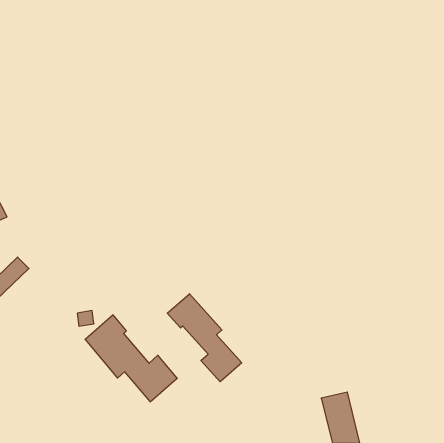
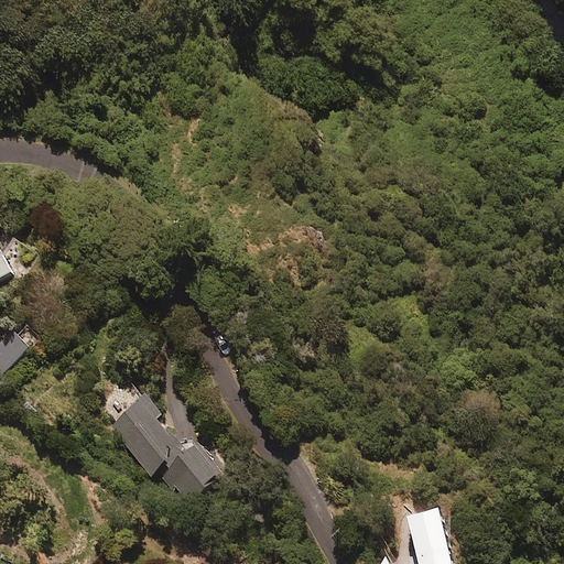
building: [167,294,242,382] -> none

